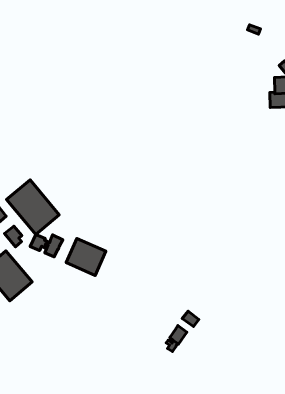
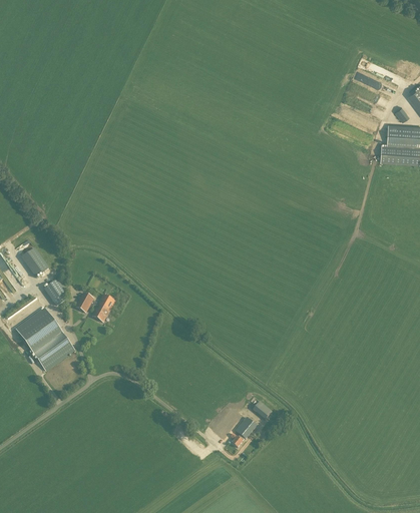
building: [7,180,59,234] -> none
building: [66,238,106,275] -> none

